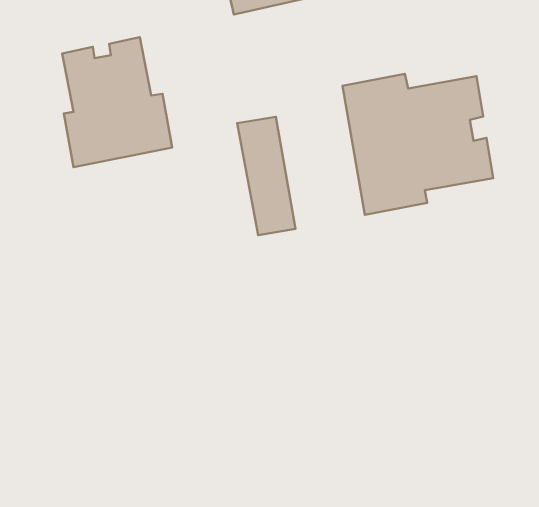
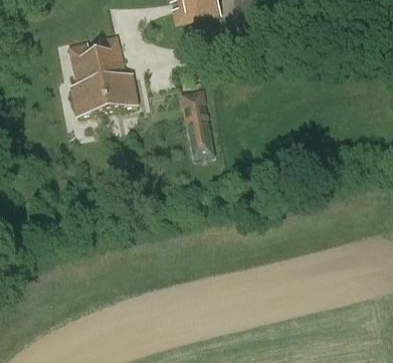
building: [342,74,493,215] -> none

